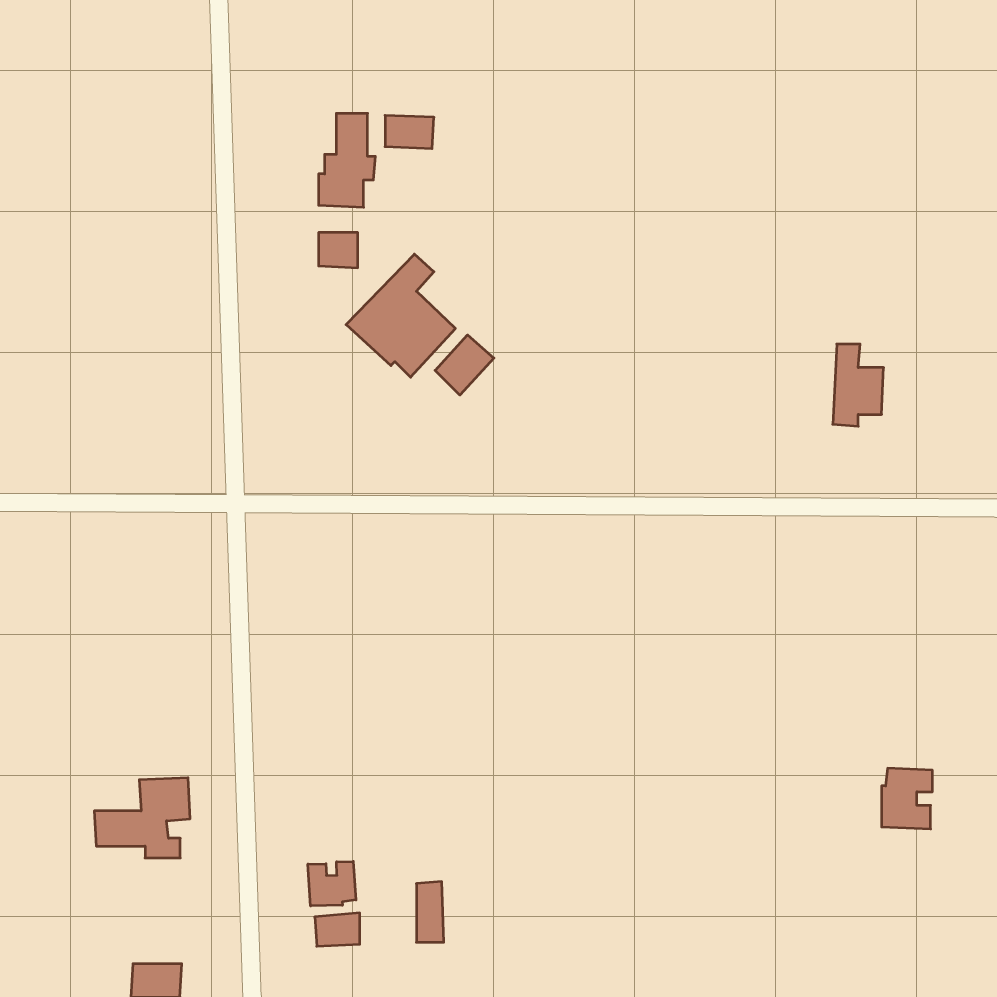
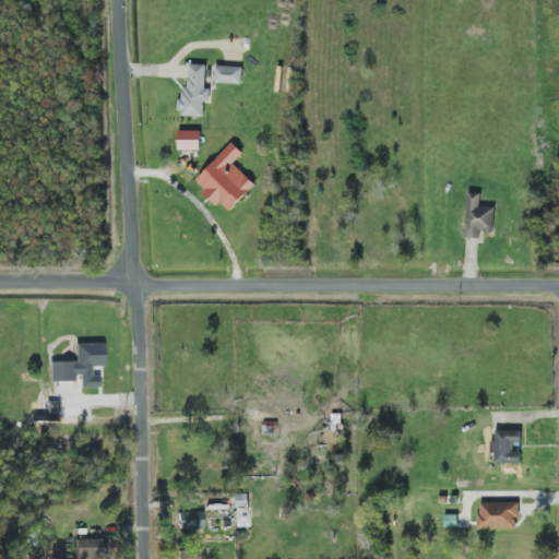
building: [435,335,494,395] -> none
building: [94,778,190,858] -> [49,342,103,386]
building: [308,861,356,906] -> none
building: none -> [478,501,519,528]

